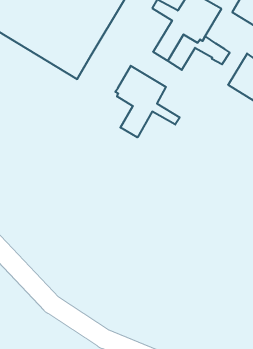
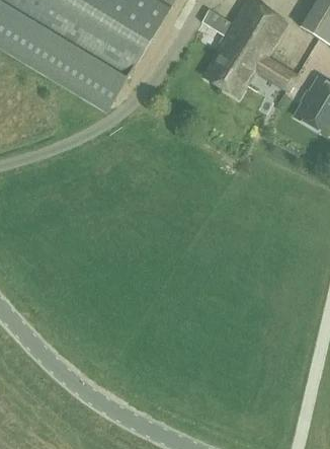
building: [115,66,180,137] -> none

